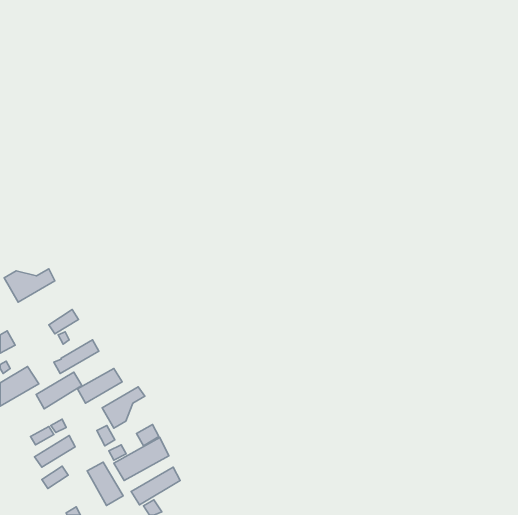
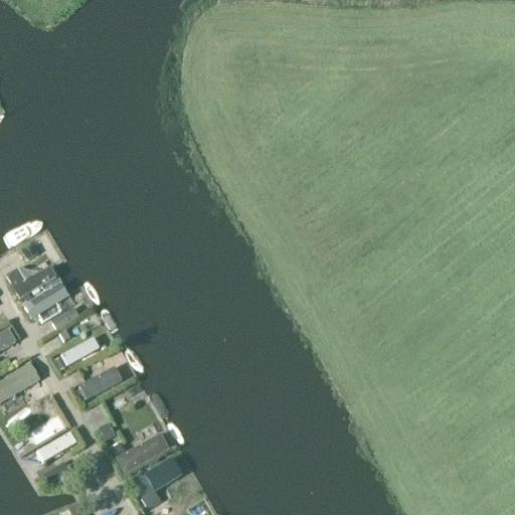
building: [36,372,82,409] -> [23,283,68,319]
building: [102,387,145,428] -> none
building: [87,462,123,505] -> none

